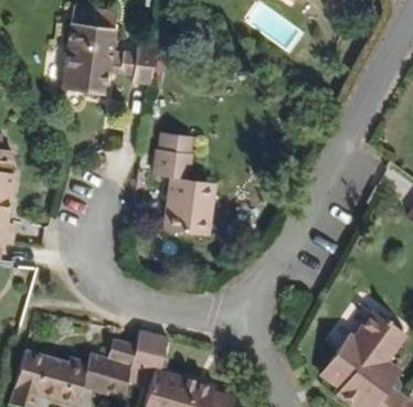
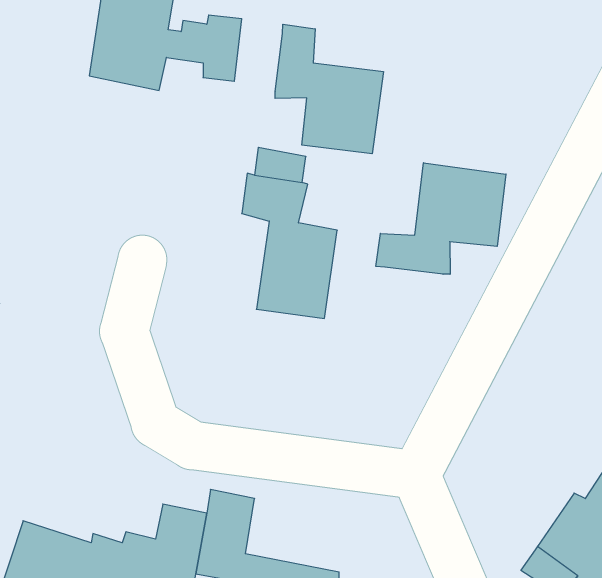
building: none -> [275,24,383,154]
building: none -> [376,163,506,274]

